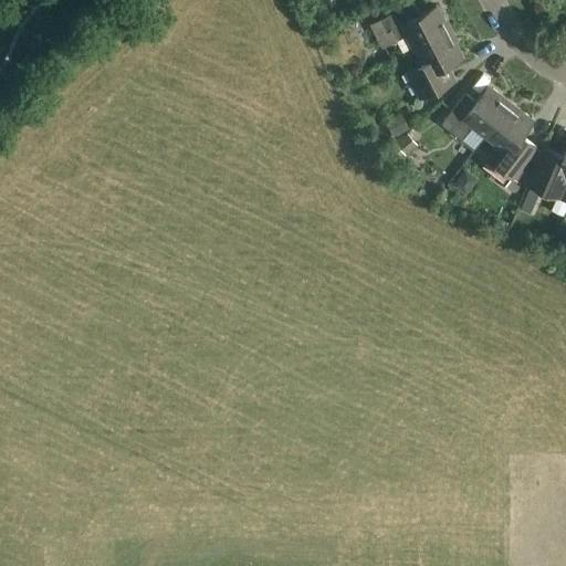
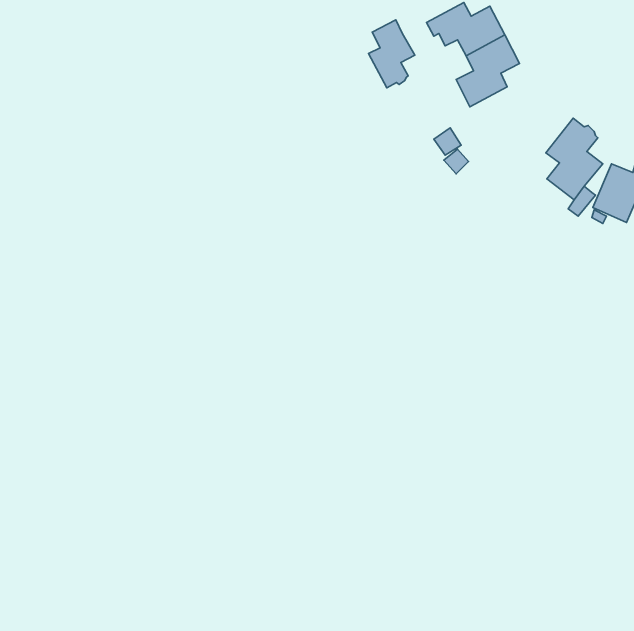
building: none -> [369,20,415,88]
building: [442,91,511,153] -> none

